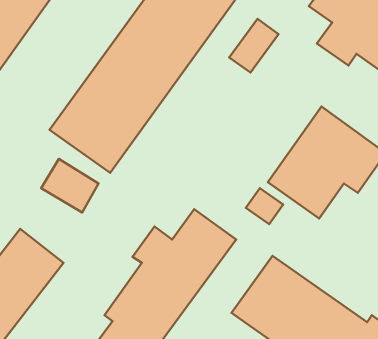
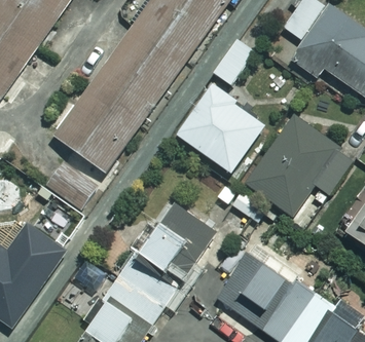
building: none -> [177,86,266,174]

